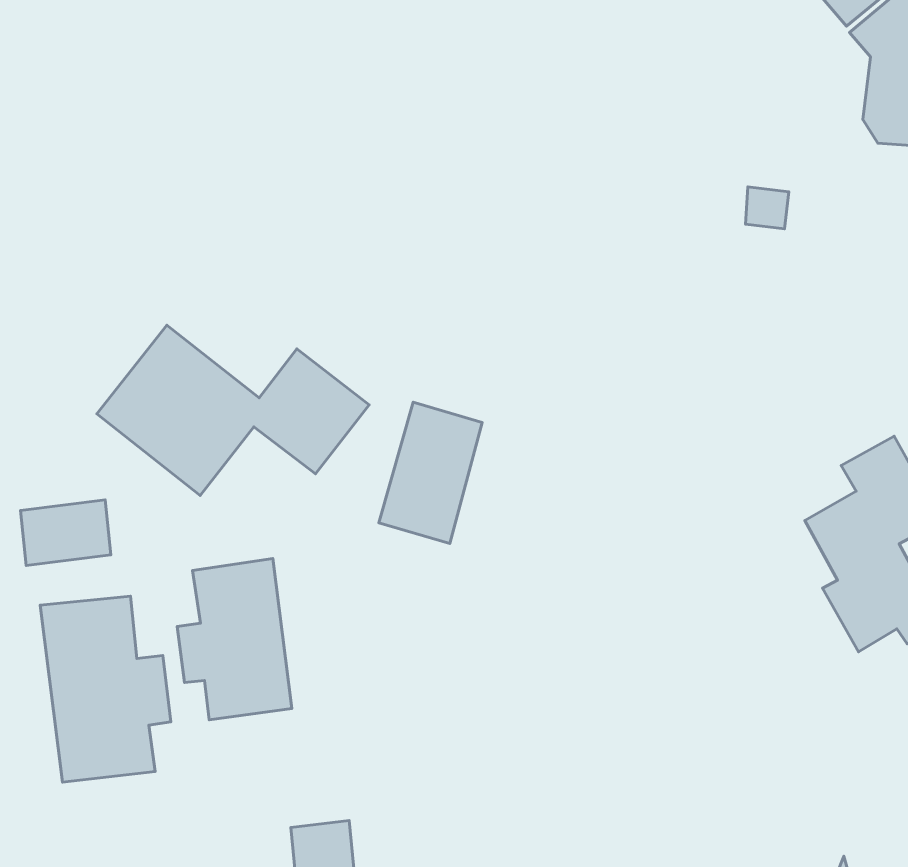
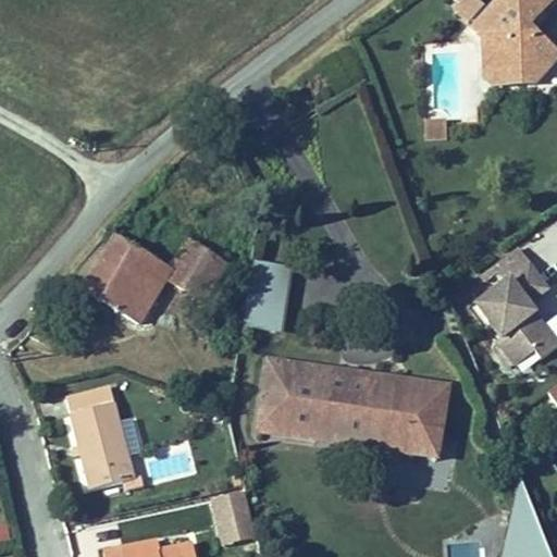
building: [21,500,111,566] -> none
building: [177,558,292,720] -> none
building: none -> [255,356,453,460]

